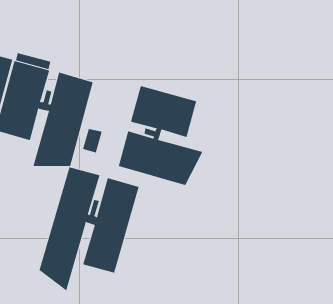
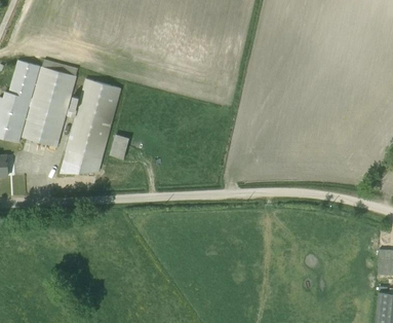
building: [118,85,203,186] -> none
building: [39,167,139,291] -> none

